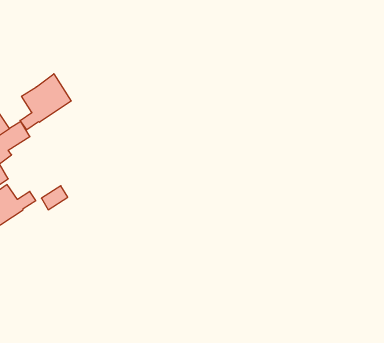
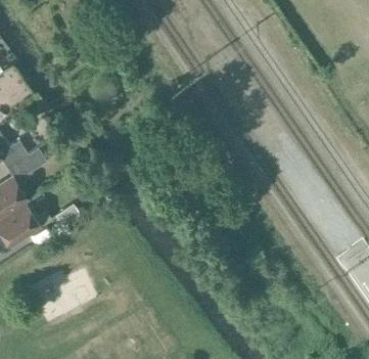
building: [20,74,71,130] -> none

